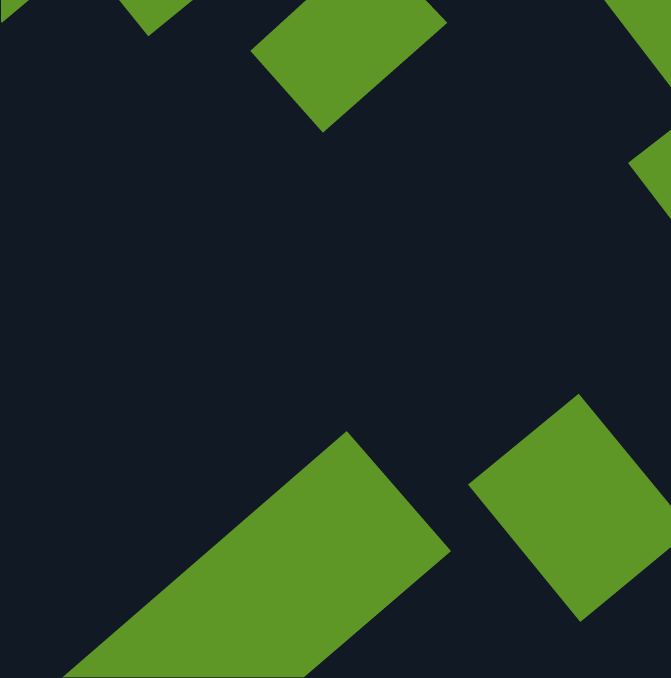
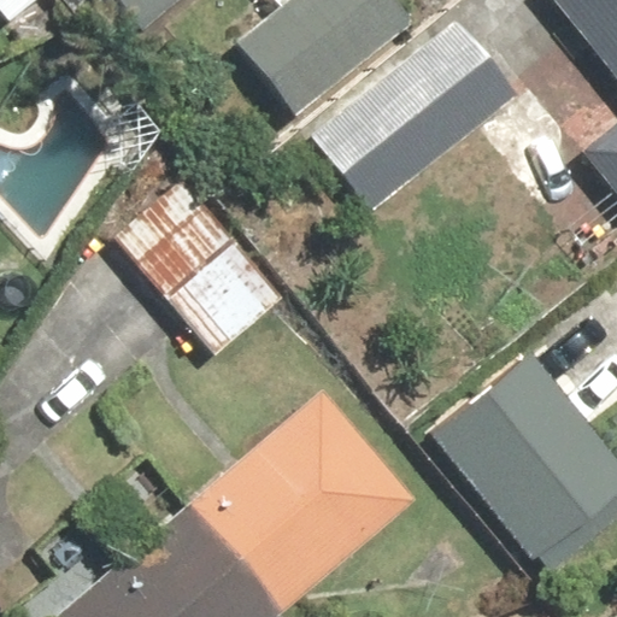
building: none -> [308,16,521,215]
building: none -> [107,172,287,357]

